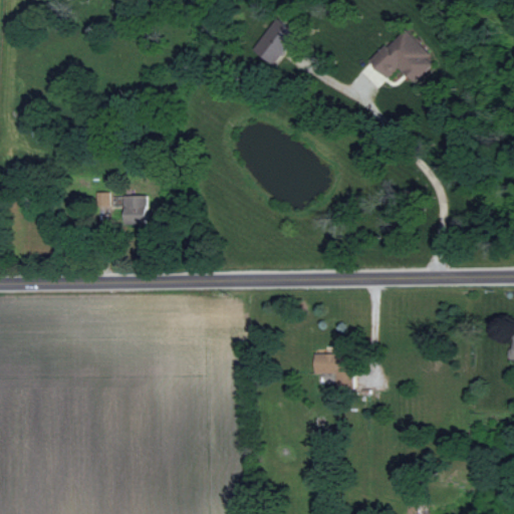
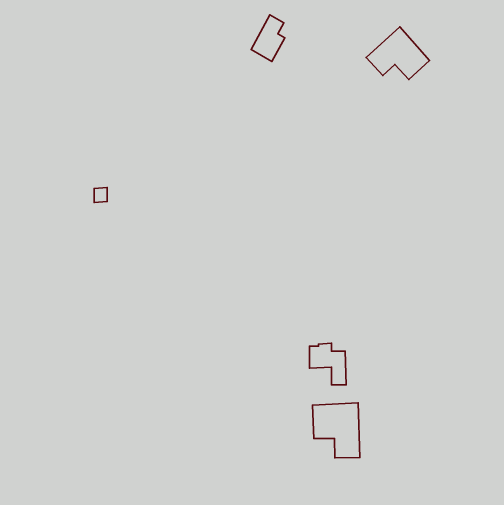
building: [123,196,148,225] -> none
building: none -> [313,403,360,458]

